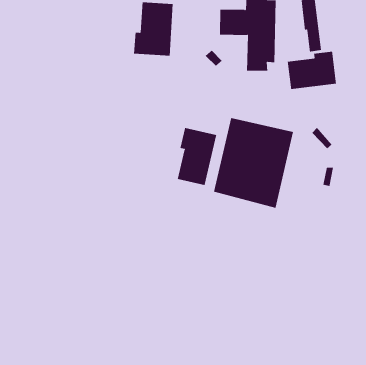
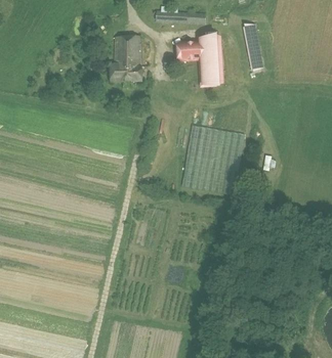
building: [287,51,337,90] -> none
building: [177,127,217,186] -> none

